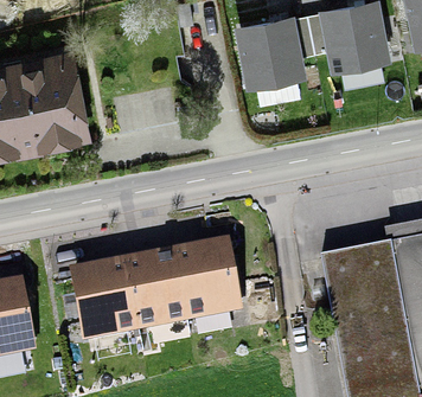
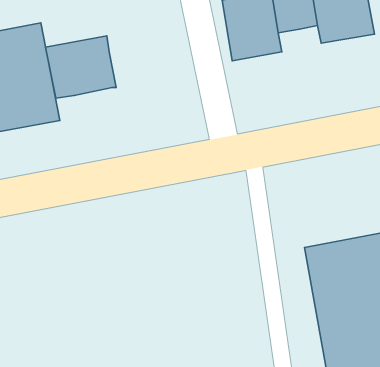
building: none -> [45,36,116,98]
building: [73,250,235,334] -> none

